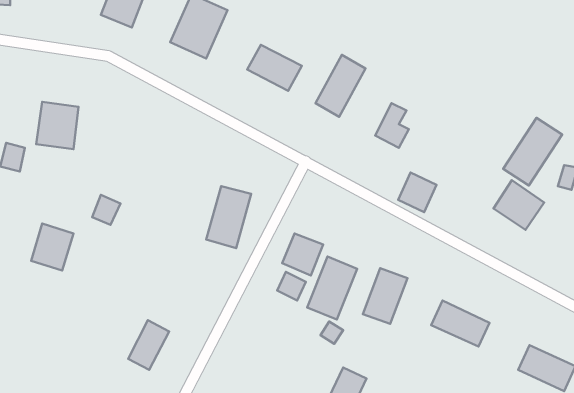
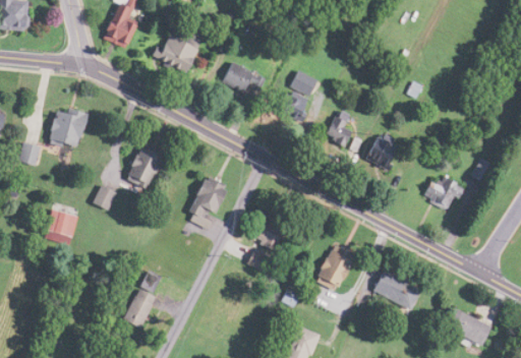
building: [503,118,562,186] -> none
building: none -> [124,141,164,188]
building: [398,172,437,212] -> [367,136,399,169]
building: [307,257,357,320] -> none

